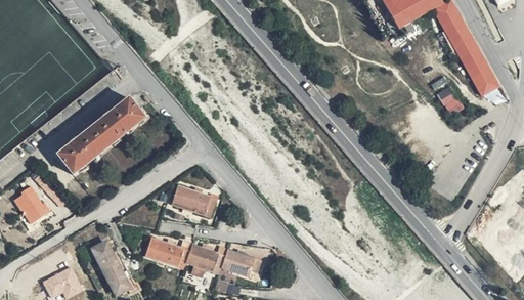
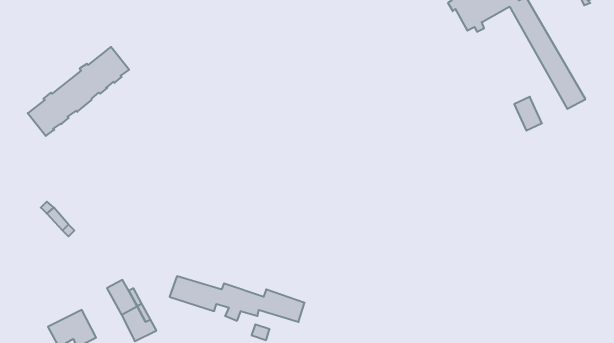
building: [57,97,143,173] -> [28,47,129,136]
building: [13,184,50,222] -> none
building: [173,185,217,215] -> none

